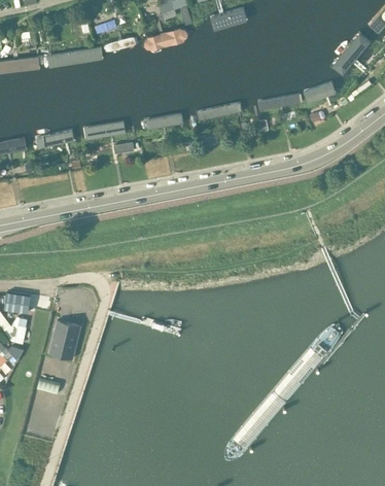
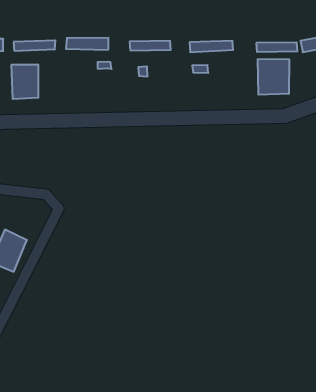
building: none -> [258,59,289,95]
building: none -> [12,64,38,99]

